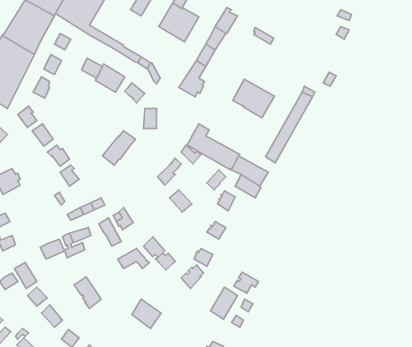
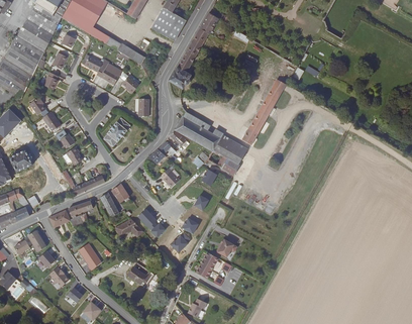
building: [233,79,274,118] -> none

